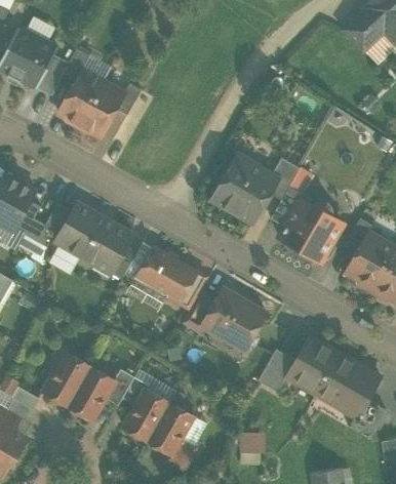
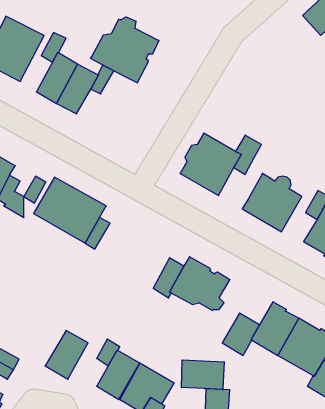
building: none -> [91,17,159,83]
building: [270,187,310,227] -> none
building: [128,248,196,308] -> none
building: [43,353,89,405] -> none
building: [104,368,133,405] -> none
building: none -> [182,360,224,390]

